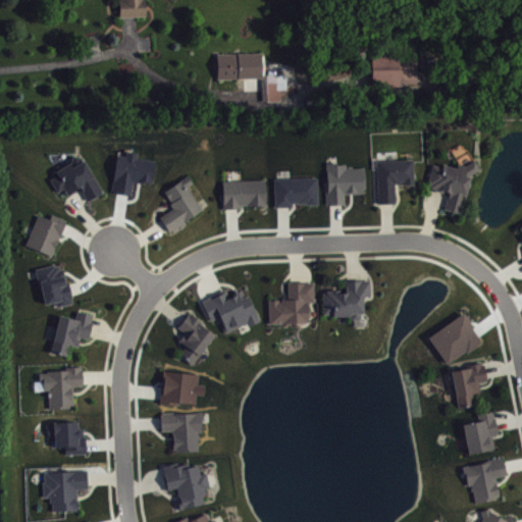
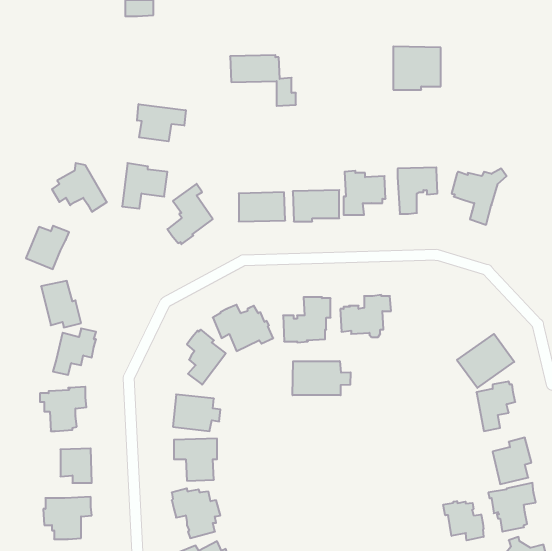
building: none -> [137,104,186,141]
building: none -> [293,361,351,395]
building: none -> [443,501,484,540]

